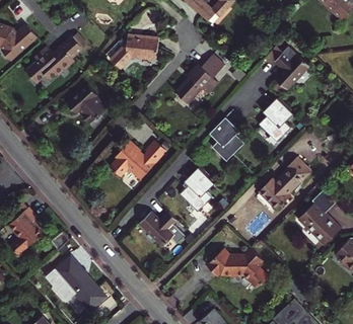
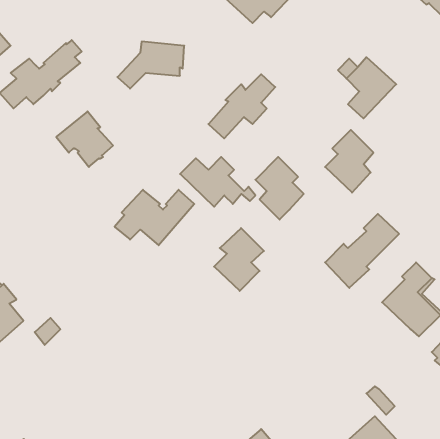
building: [138,212,192,247] -> [180,157,255,207]
building: [206,248,267,289] -> none
building: [49,256,97,301] -> none

